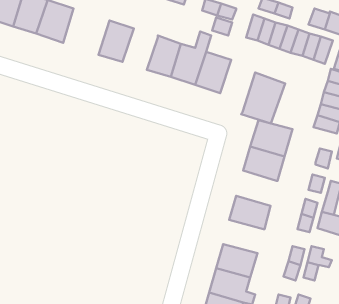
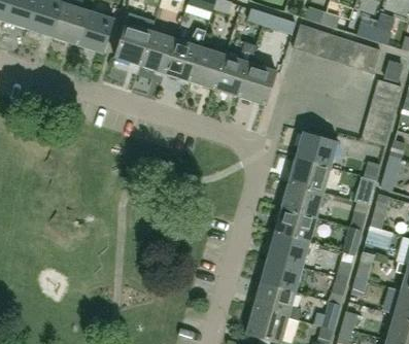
building: none -> [115,22,151,65]
building: none -> [165,27,206,80]
building: [241,72,285,124] -> none
building: none -> [281,183,323,219]
building: none -> [268,234,310,268]

